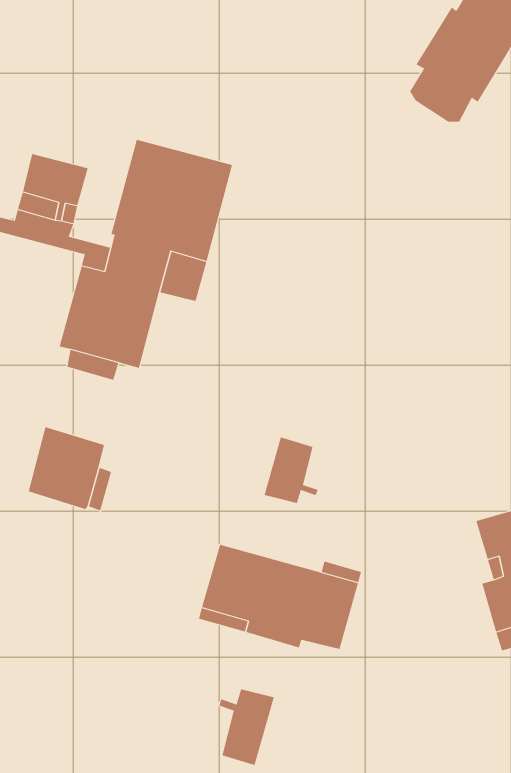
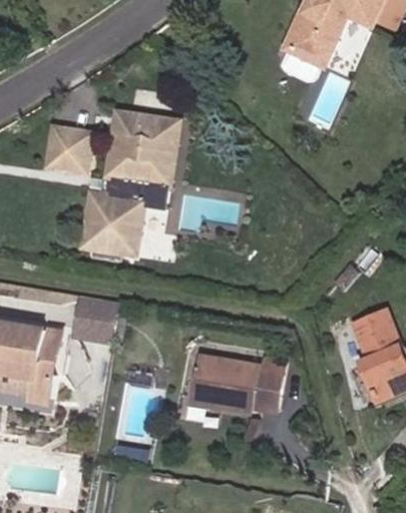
building: [264,437,318,504] -> none
building: [218,688,275,766] -> none

